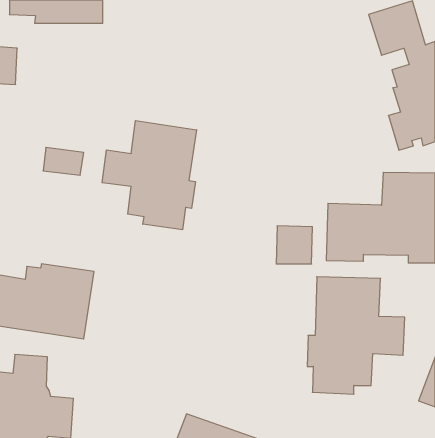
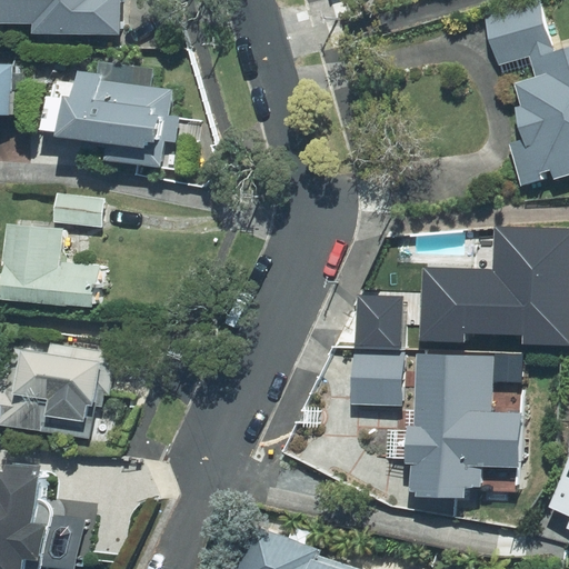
building: none -> [47,63,180,166]
building: [102,121,197,230] -> none
building: none -> [11,222,108,307]
building: none -> [351,352,402,403]

